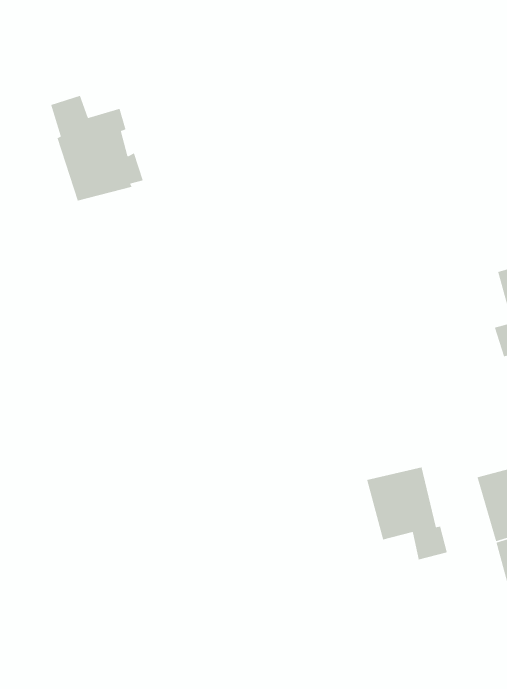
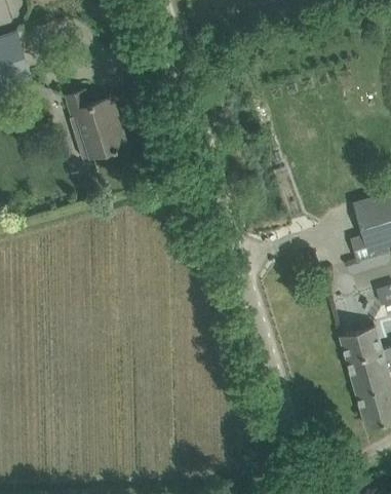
building: [366,467,448,560] -> none

